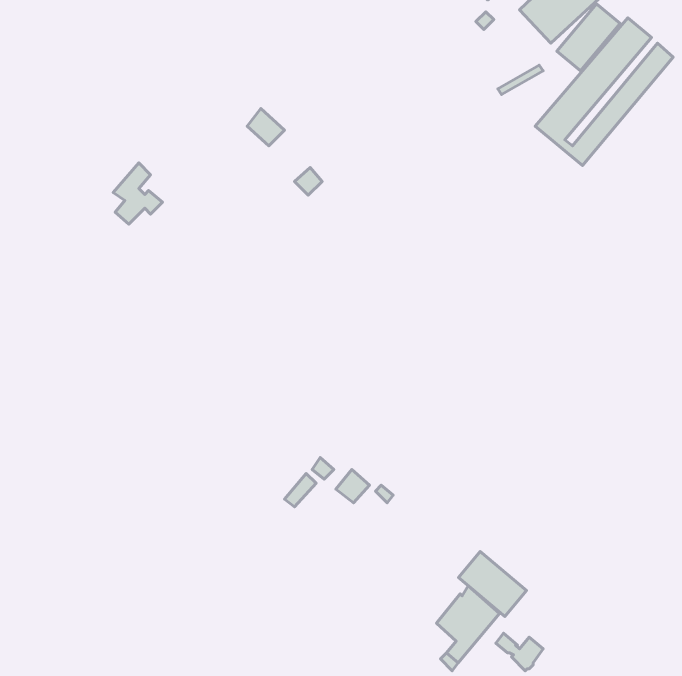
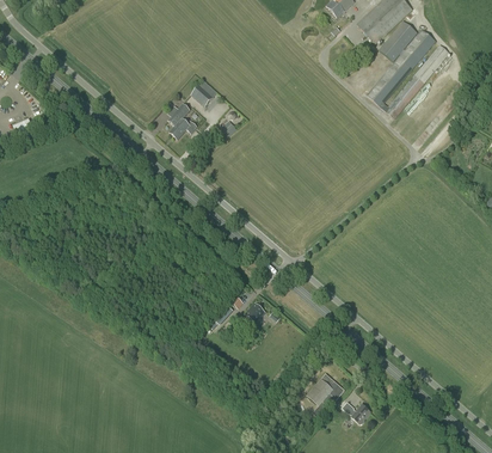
building: [113,163,162,224] -> [167,102,197,139]
building: [458,552,527,617] -> none

